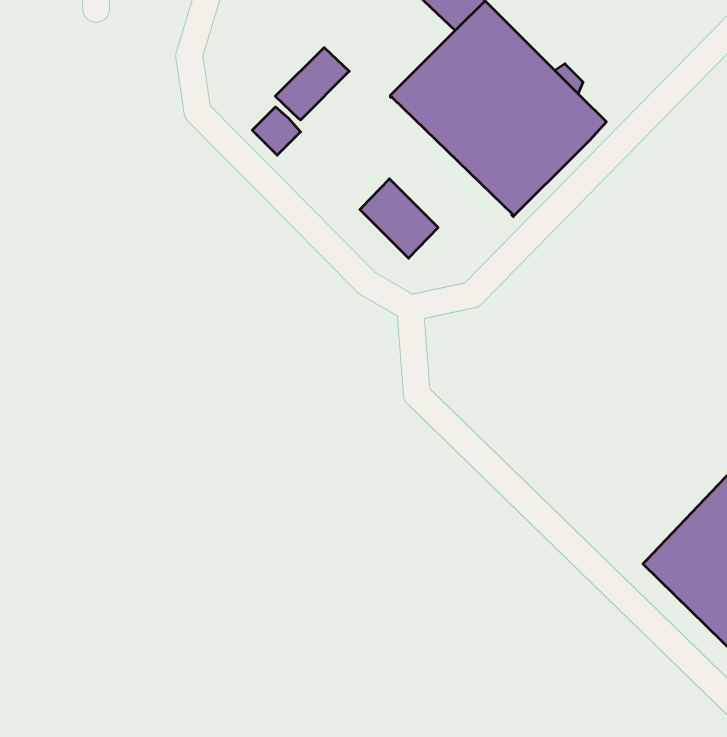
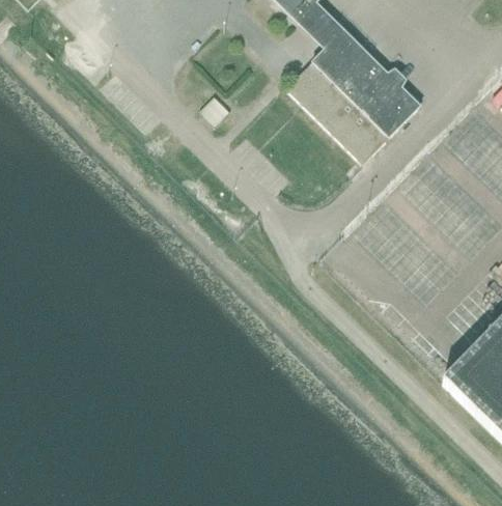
building: [275,48,349,120] -> none
building: [360,179,438,258] -> none

